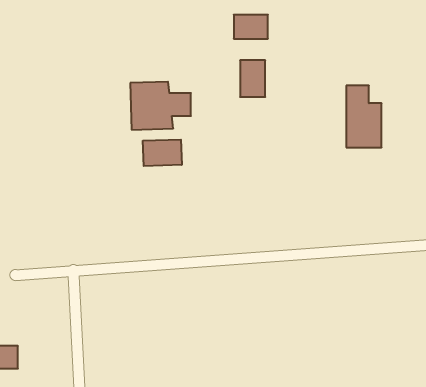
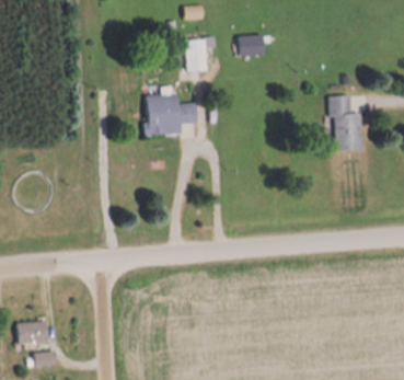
building: [240,60,265,97] -> [186,38,208,70]
building: [143,140,182,166] -> none

